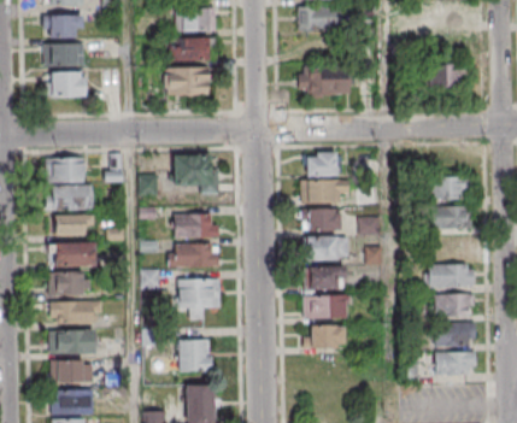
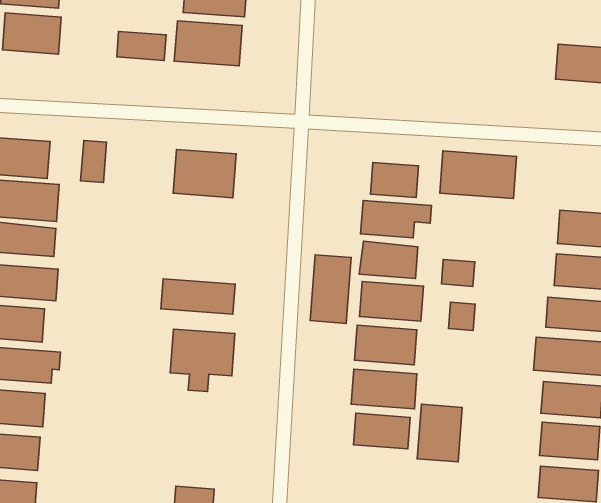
building: [300,66,351,95] -> [440,151,517,199]
building: none -> [117,31,166,61]
building: [175,213,217,236] -> none
building: none -> [310,255,351,323]
building: none -> [417,404,462,462]
building: [178,340,211,371] -> none

